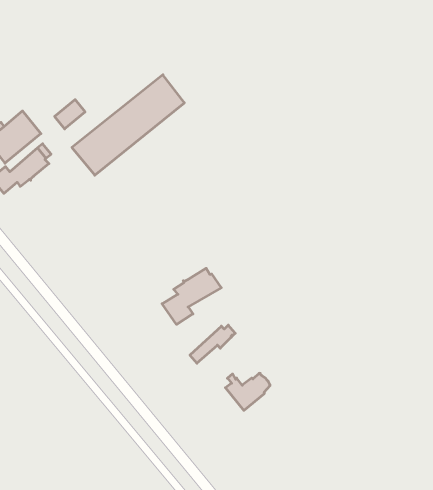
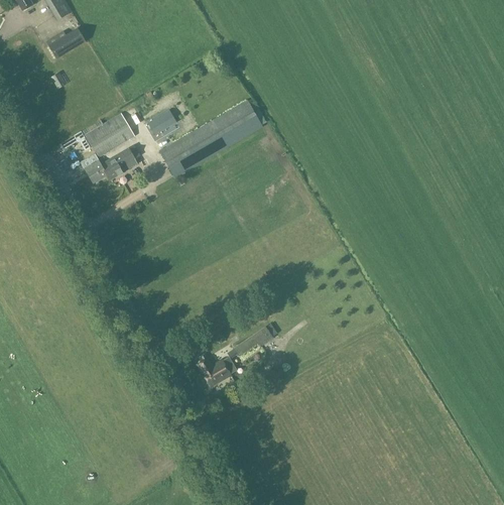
building: [162,268,221,324] -> none
building: [225,373,270,410] -> [197,354,236,387]

